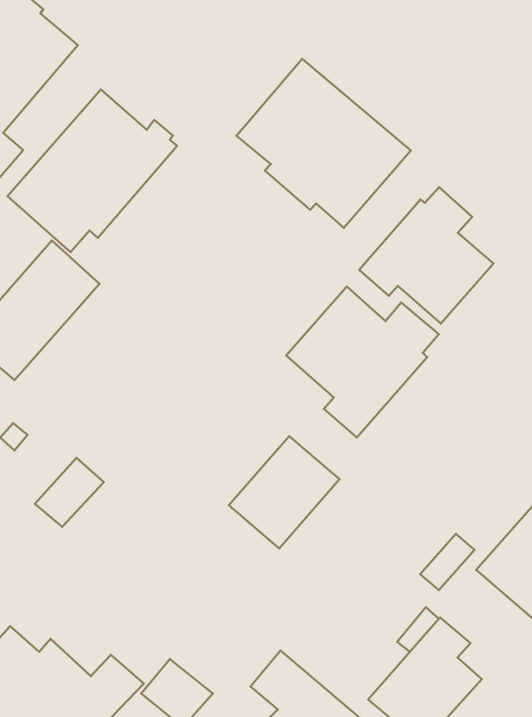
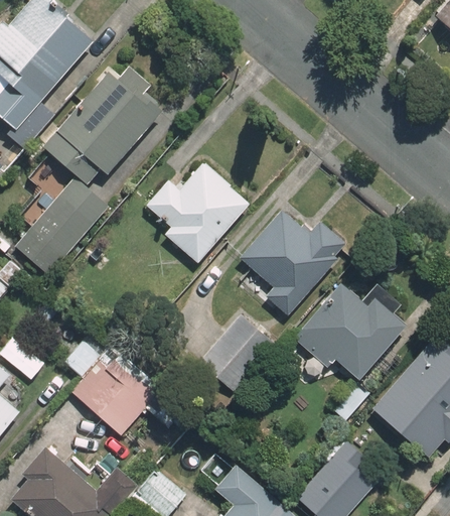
building: [237,59,411,228] -> none
building: [359,187,494,324] -> none
building: none -> [145,163,250,263]
building: none -> [293,283,406,380]
building: none -> [71,355,157,439]

